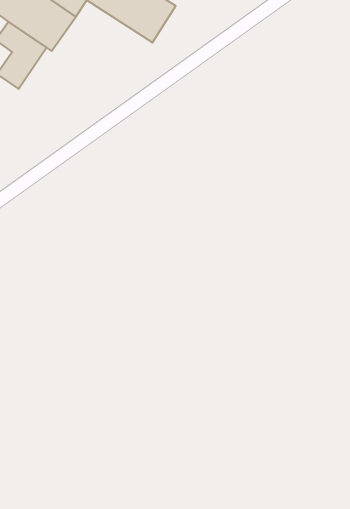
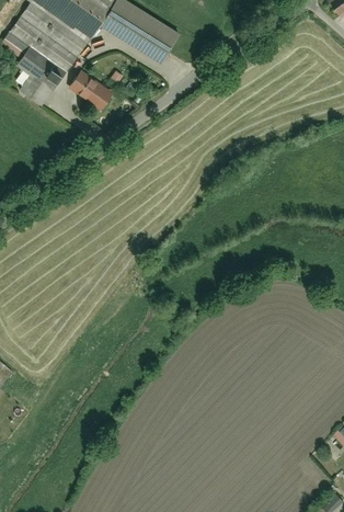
building: none -> [68,71,111,111]

